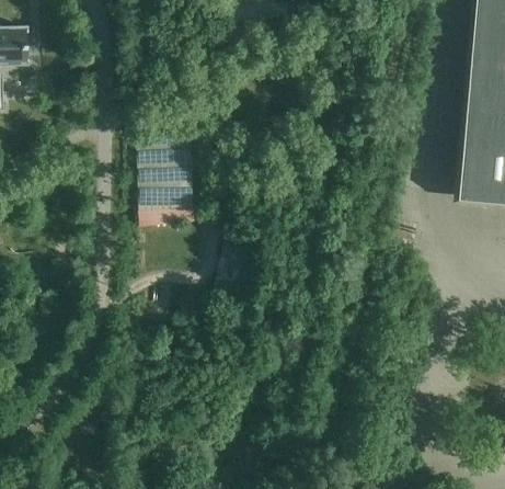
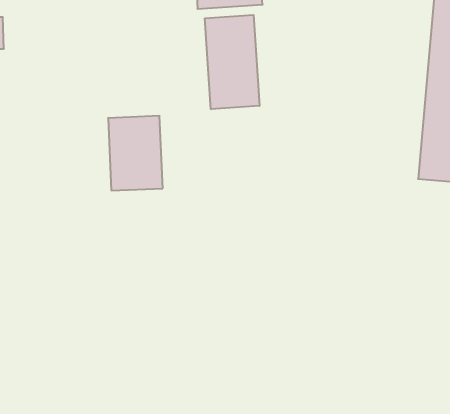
building: none -> [205,15,259,109]

